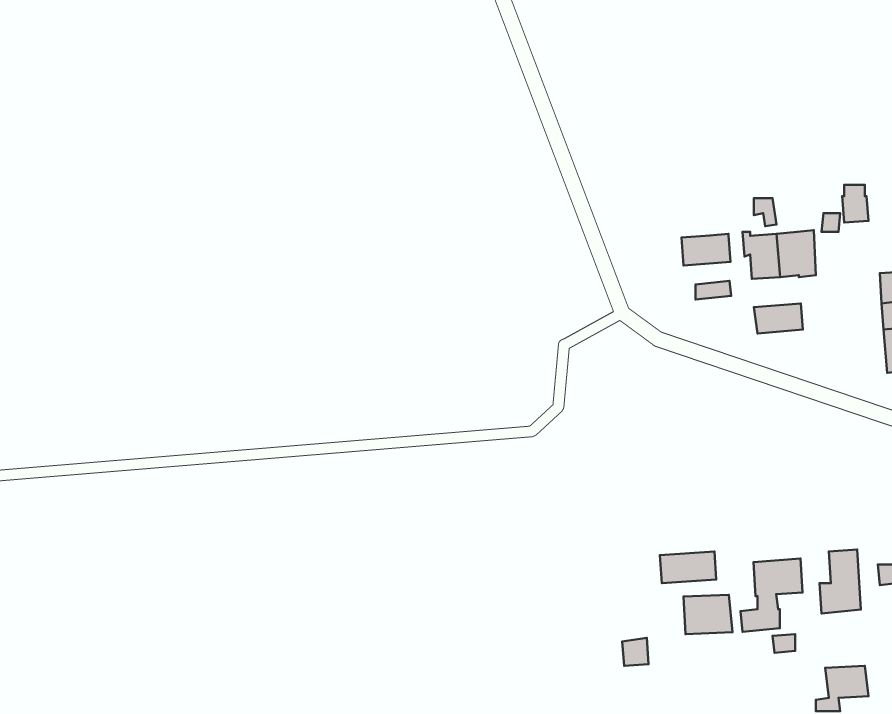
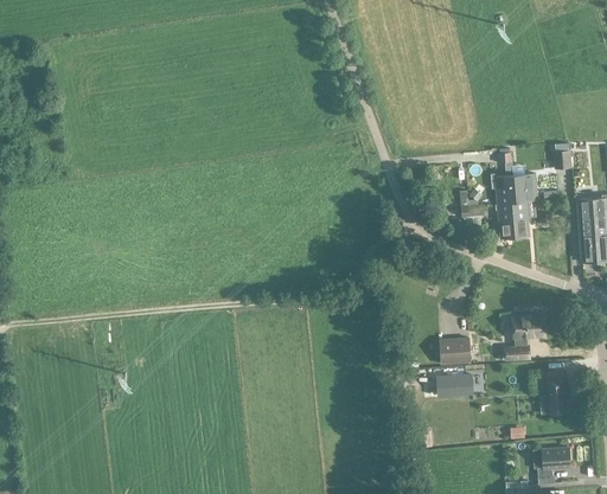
building: [681,234,730,266] -> [497,200,528,220]
building: [741,559,803,632] -> [504,313,543,359]
building: [684,595,732,634] -> [440,338,471,363]

